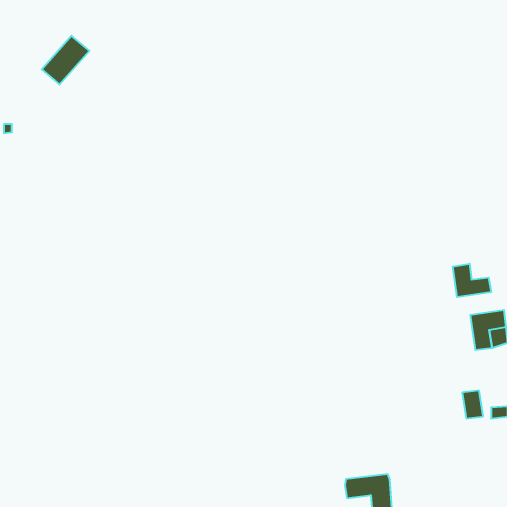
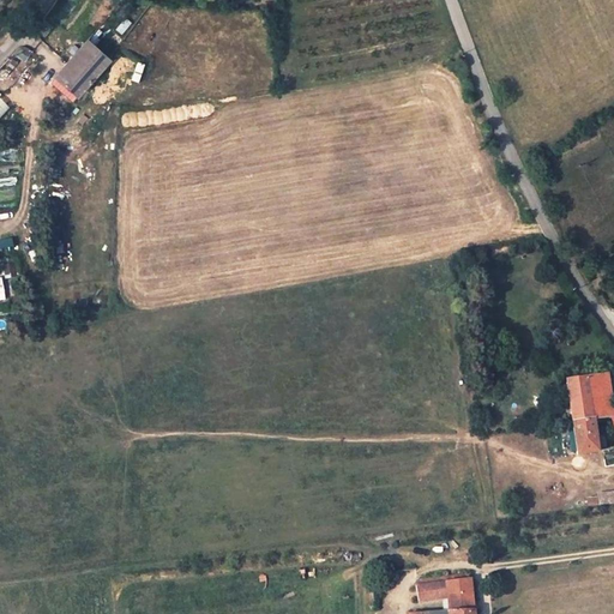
building: [453,264,491,297] -> none
building: [462,391,483,418] -> [574,421,600,455]

